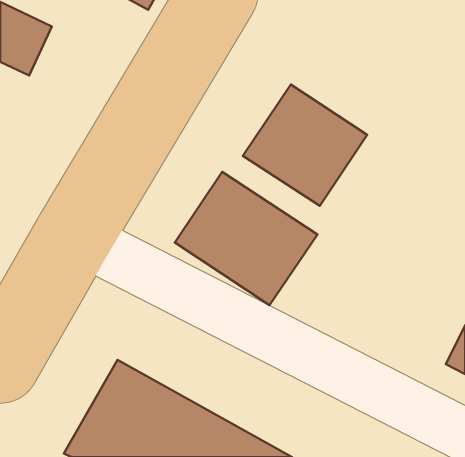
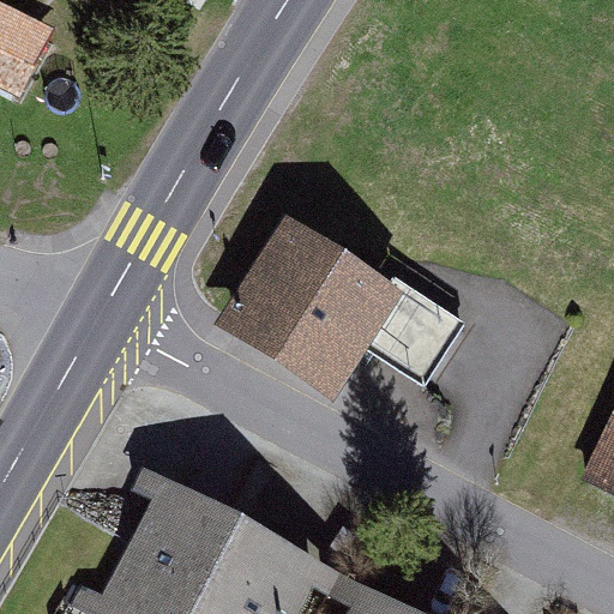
building: [243,85,367,206] -> none

